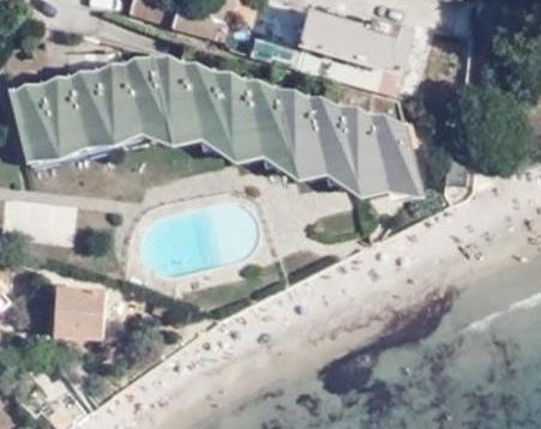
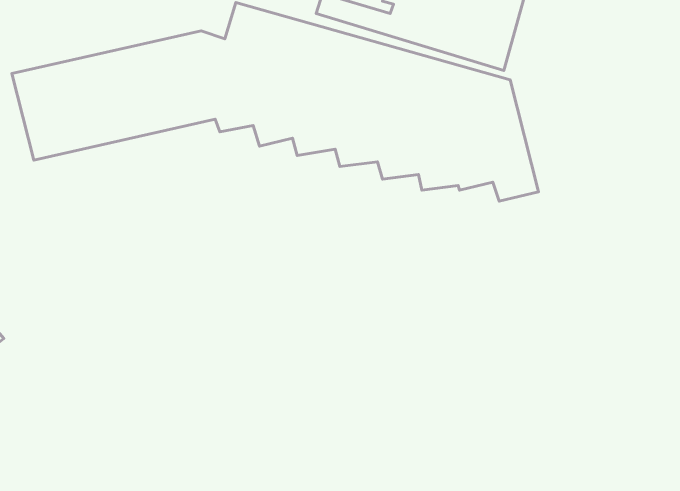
building: [48,289,100,338] -> none

